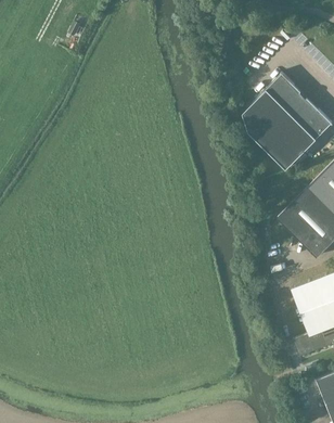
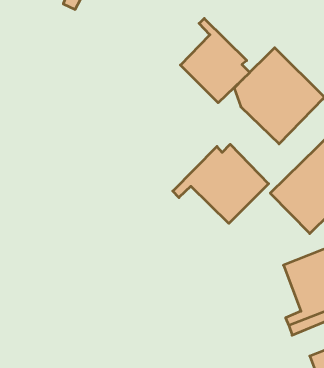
building: none -> [180,18,250,103]
building: none -> [173,144,269,223]

